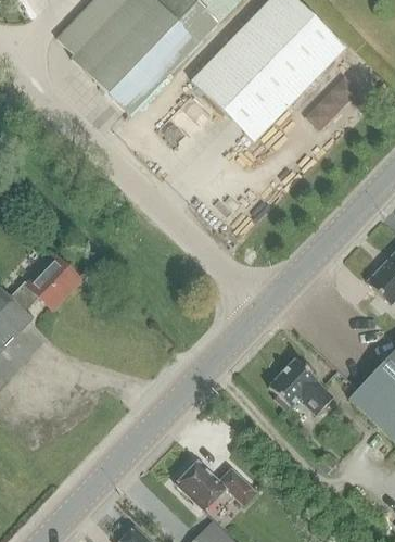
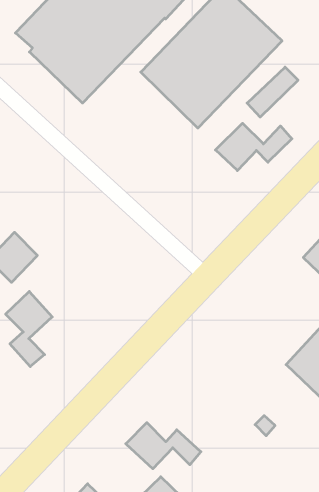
building: none -> [215,123,292,171]
building: none -> [6,291,52,367]
building: [269,358,334,415] -> none

